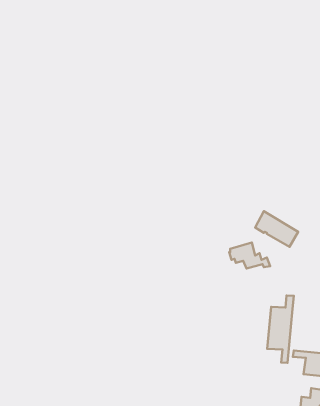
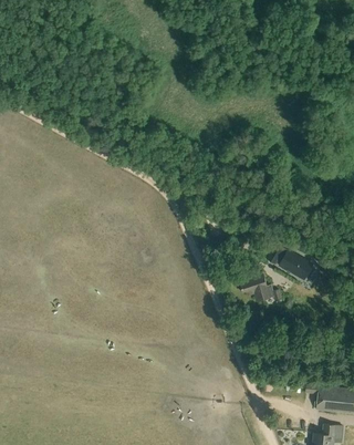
building: [267,296,294,363] -> none

